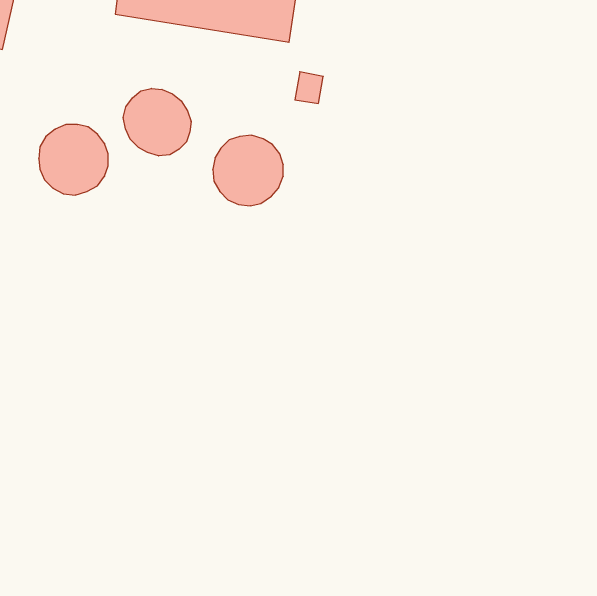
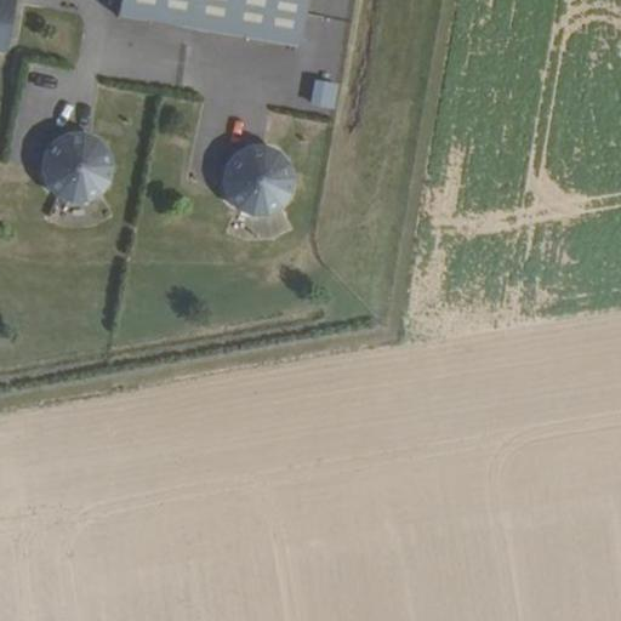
building: [123,88,191,156] -> none

